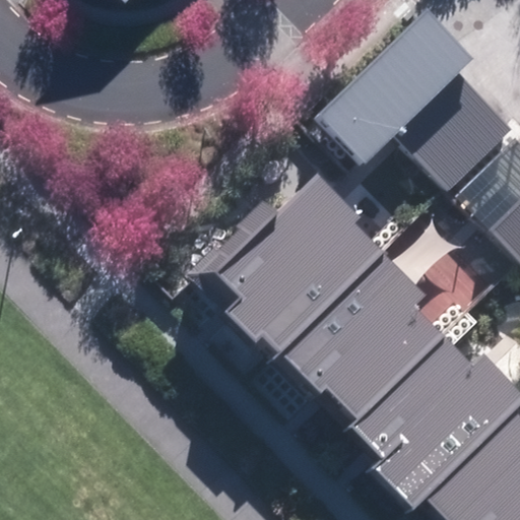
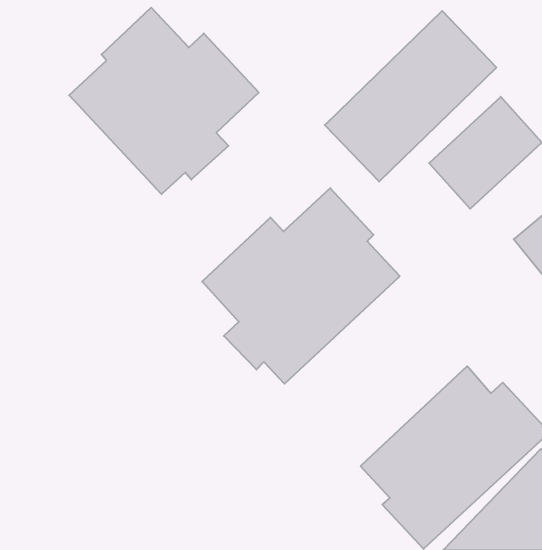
building: none -> [69,8,259,194]
building: [278,258,449,430] -> none

